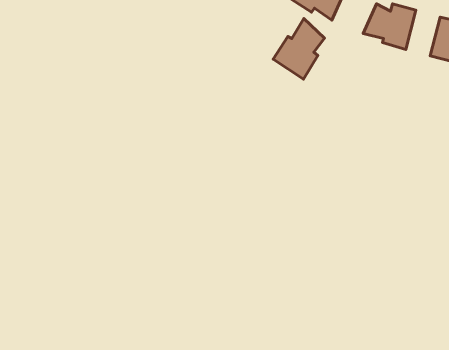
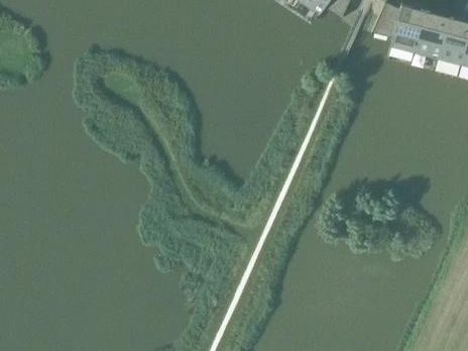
building: none -> [416,11,450,56]
building: [273,18,325,79] -> none

